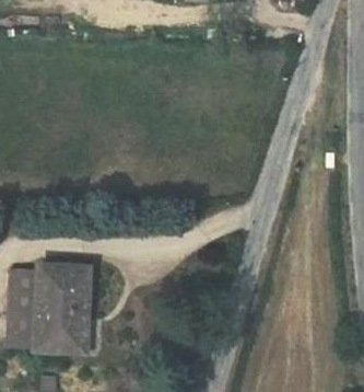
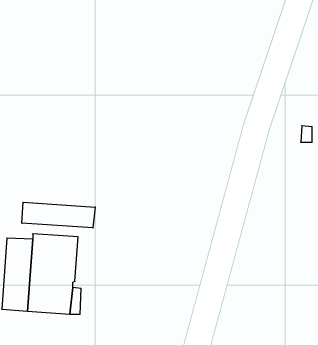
building: none -> [22,202,95,228]

